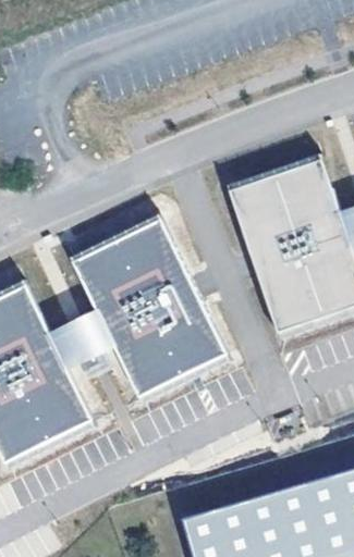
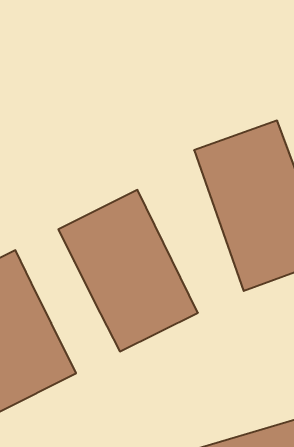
building: [45,301,113,369] -> none

